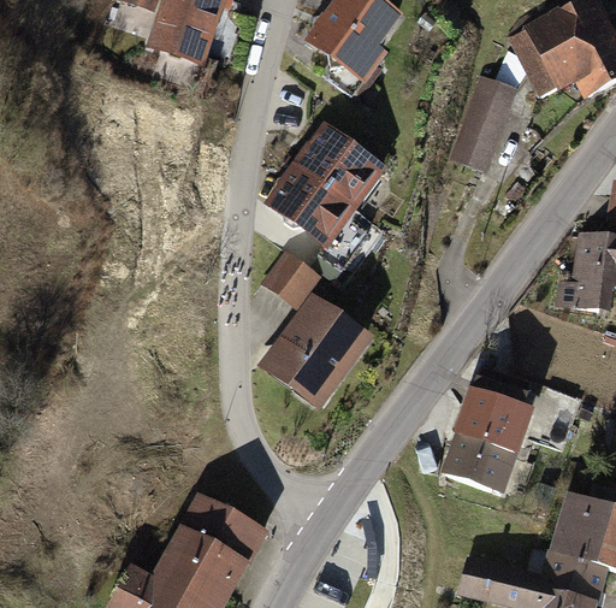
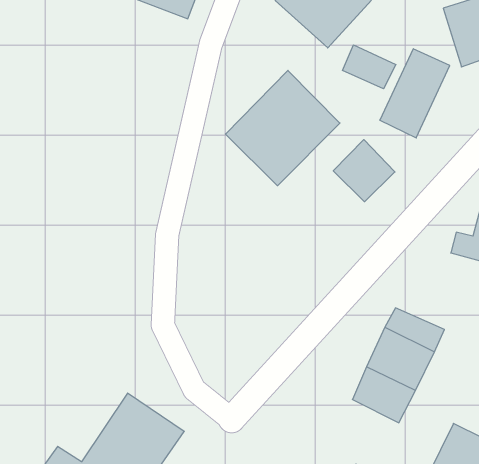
building: none -> [342,45,396,89]
building: none -> [333,140,395,202]
building: [261,234,333,311] -> none
building: [262,294,385,418] -> none

